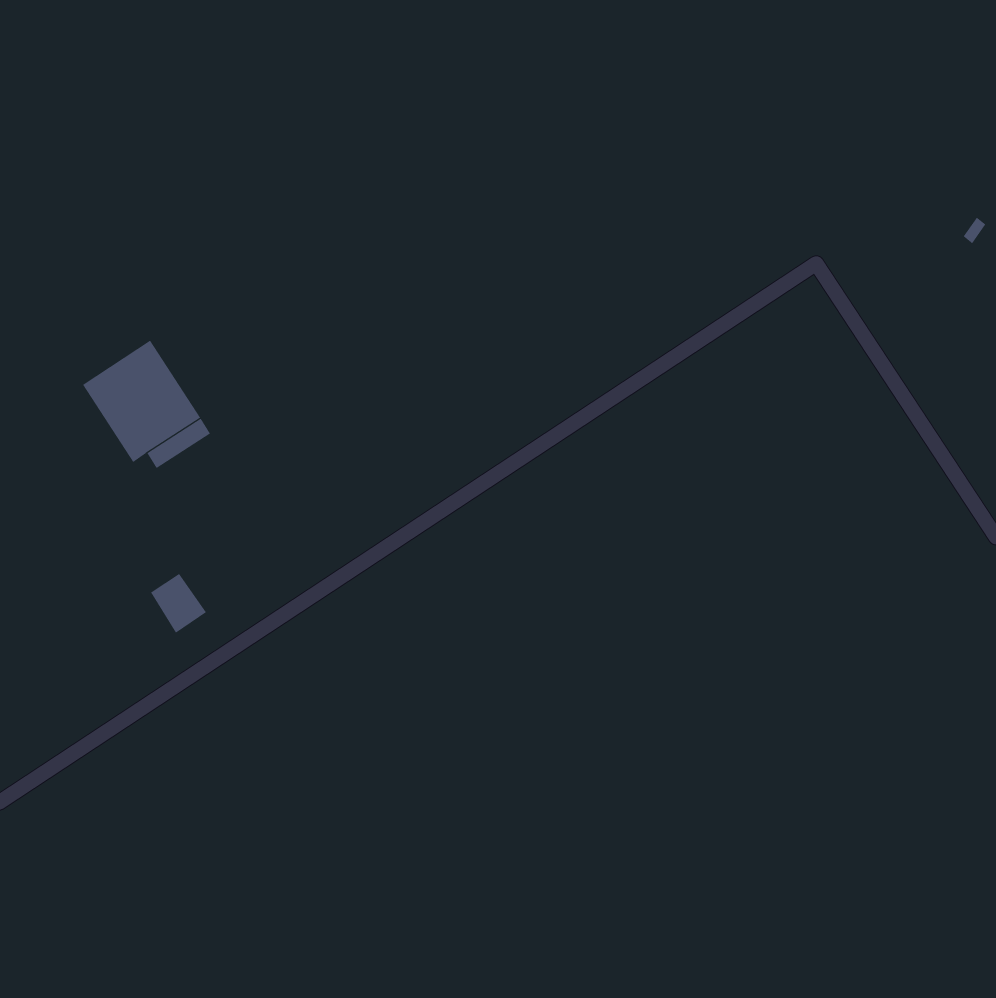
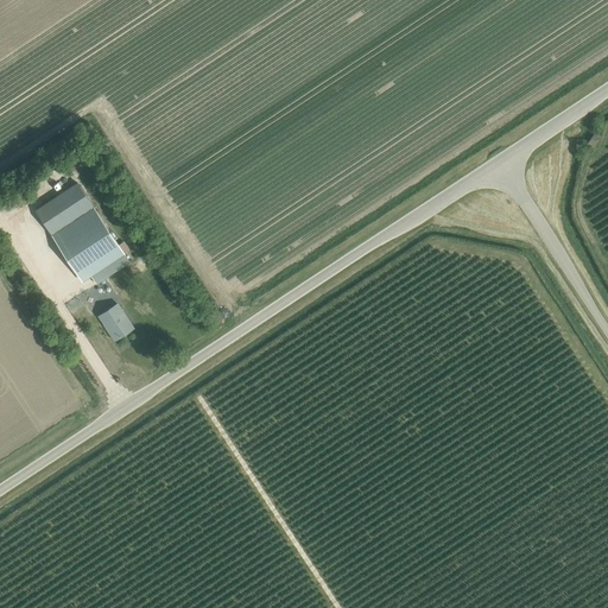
building: none -> [34,183,91,234]
building: [150,573,207,634] -> [97,304,132,341]

